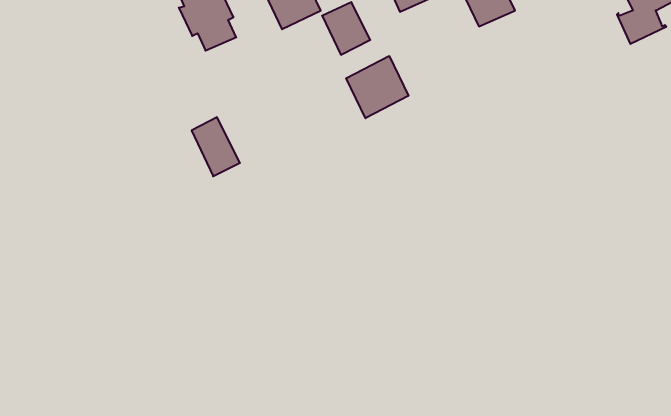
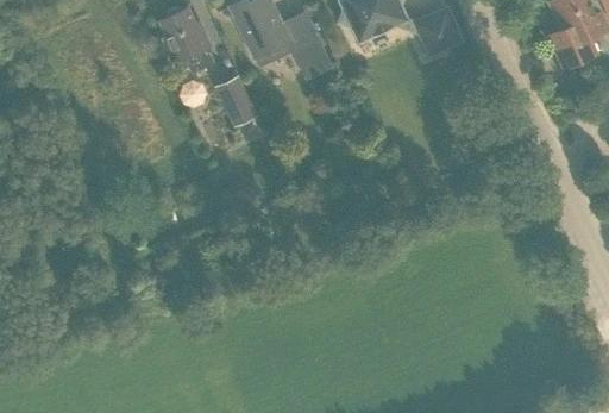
building: [346,56,408,118] -> none
building: [192,117,240,176] -> [213,76,256,129]

